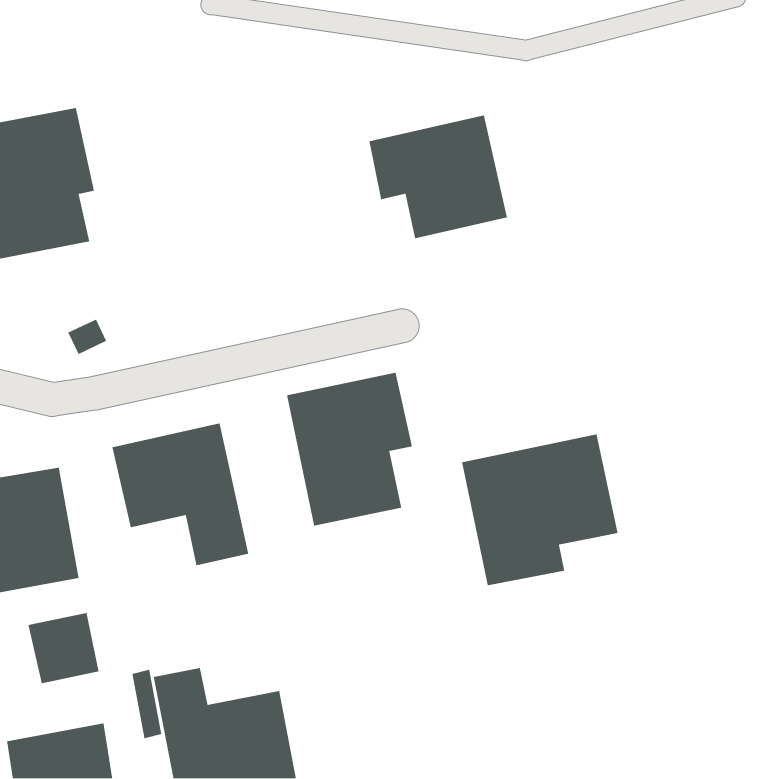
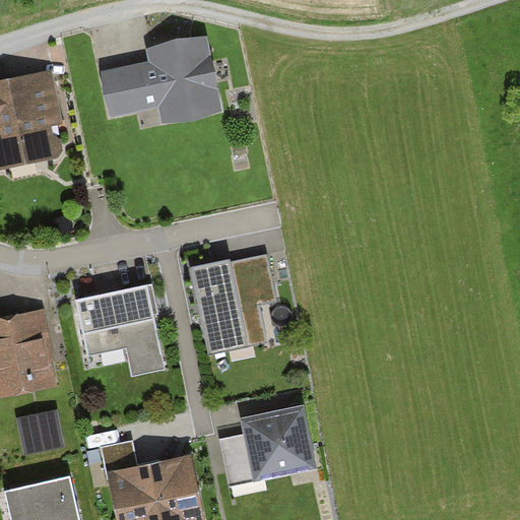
building: none -> [107,38,219,127]
building: [368,115,508,239] -> none
building: [461,433,618,586] -> none
building: none -> [220,409,313,484]

